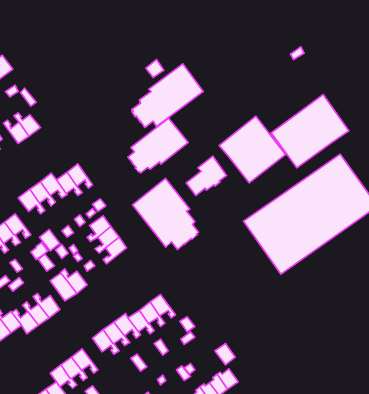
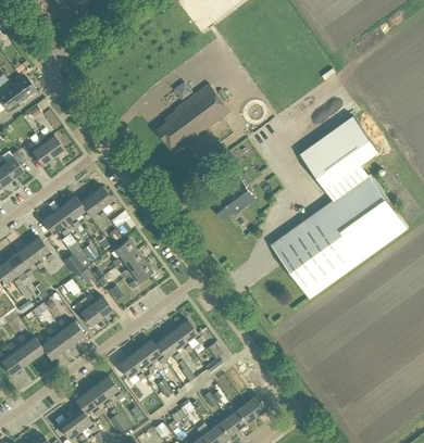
building: [219,116,286,183] -> none
building: [128,118,188,173] -> none
building: [133,178,199,250] -> none

